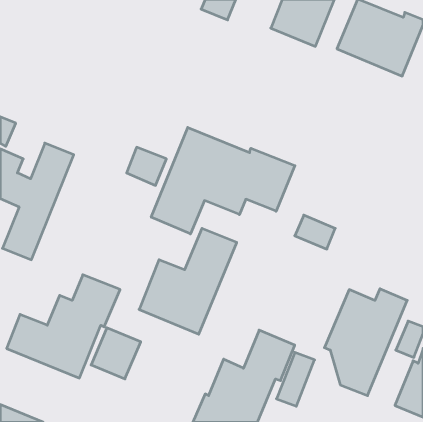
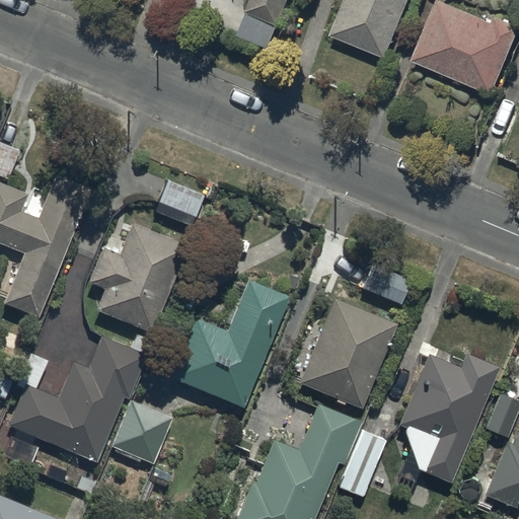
building: [151,127,295,234] -> none
building: none -> [88,223,188,333]
building: none -> [298,299,396,411]

